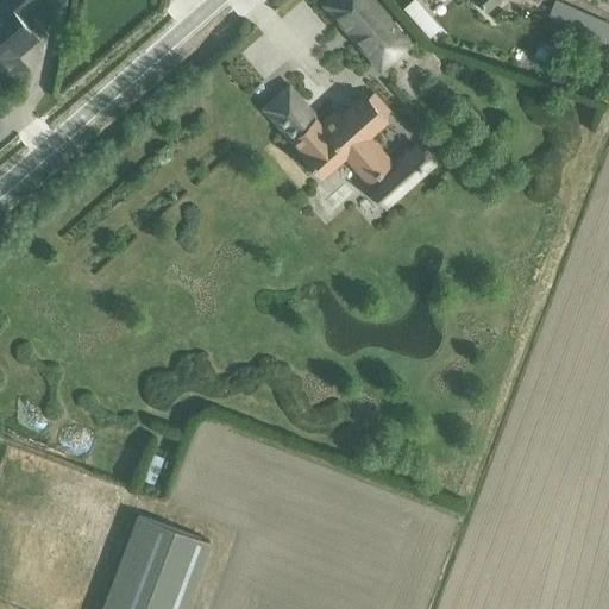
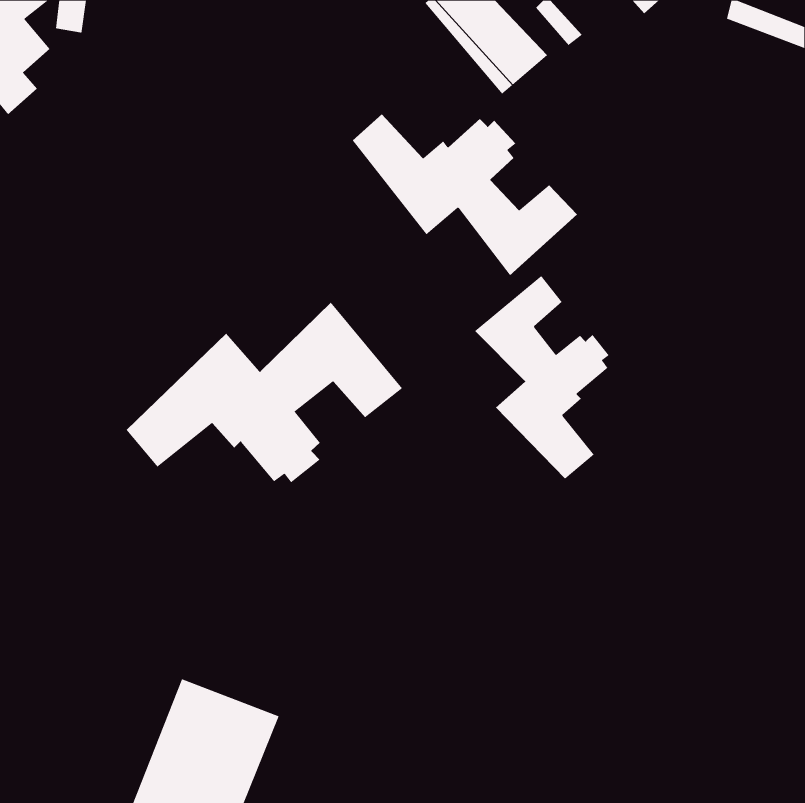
building: none -> [474,275,609,480]
building: none -> [126,302,403,483]

